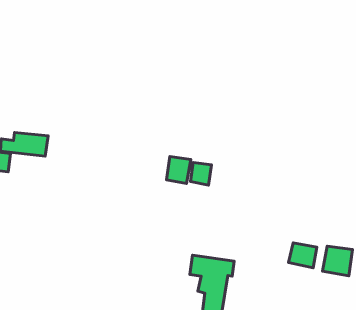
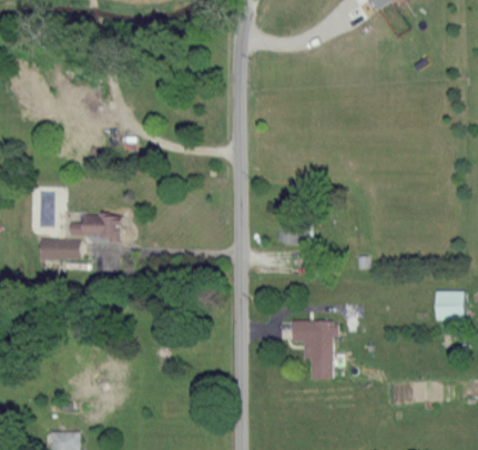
building: [167,156,191,184] -> none
building: [289,243,317,268] -> none

